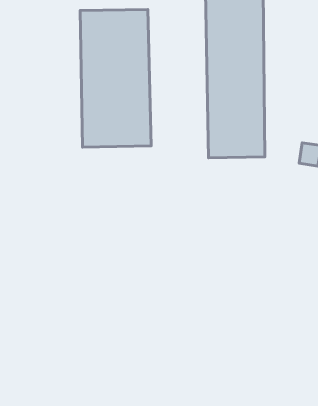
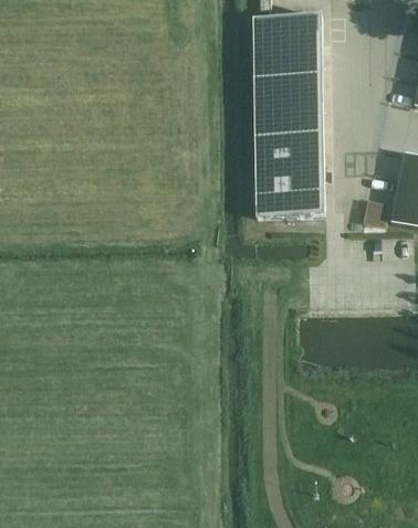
building: [80,9,151,147] -> none

